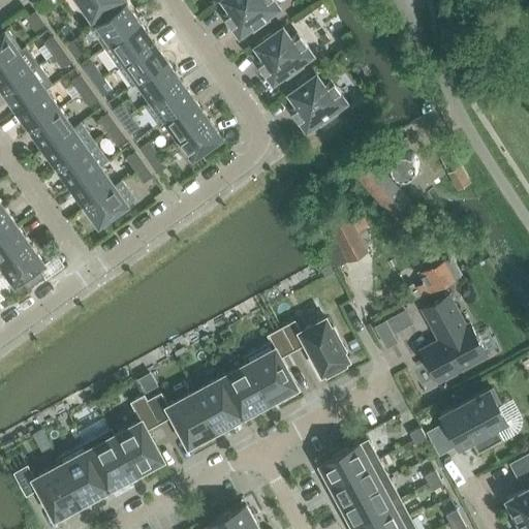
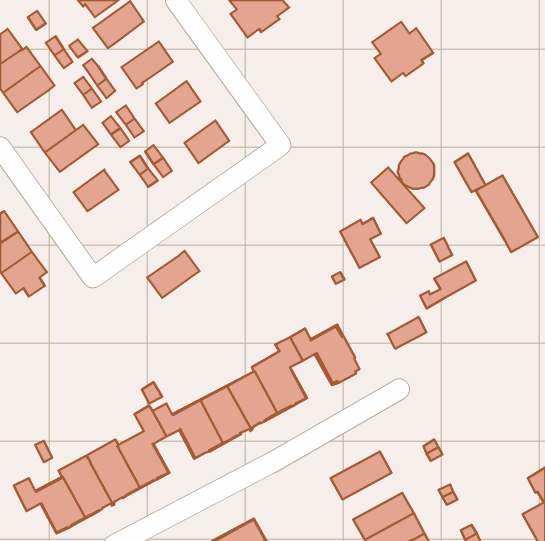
building: [104,25,154,69] -> none
building: [255,29,313,88] -> none
building: [137,64,181,104] -> none
building: [288,76,347,134] -> [372,22,433,82]
building: [17,92,60,132] -> none
building: [164,102,209,143] -> none
building: [58,144,108,190] -> none
building: none -> [476,175,538,252]
building: [85,183,135,228] -> [147,251,199,298]
building: [419,295,490,386] -> none
building: [428,392,506,457] -> none
building: [332,462,390,507] -> none

